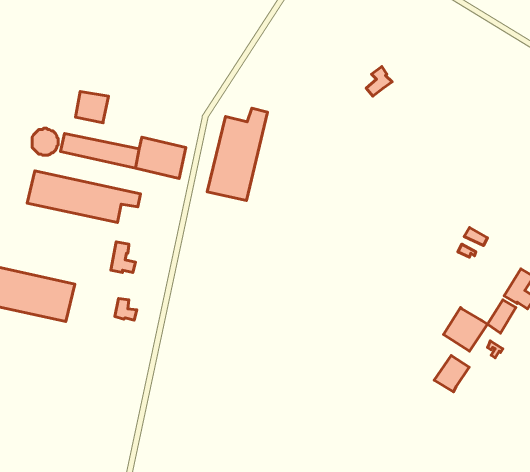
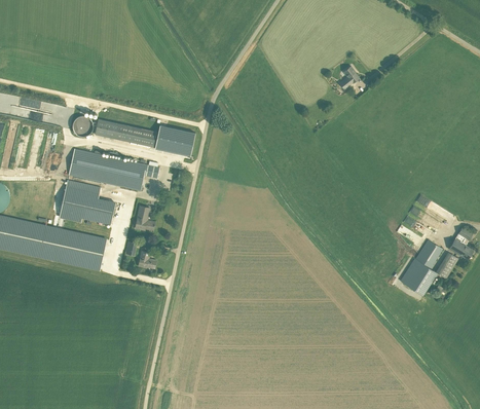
building: [76,91,109,123] -> none
building: [207,108,267,200] -> none
building: none -> [60,185,115,223]
building: [434,356,469,392] -> [414,239,442,268]

